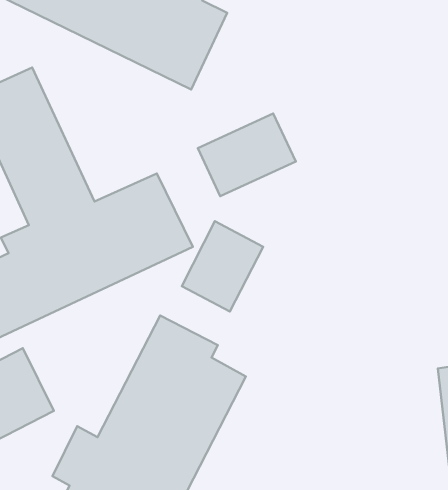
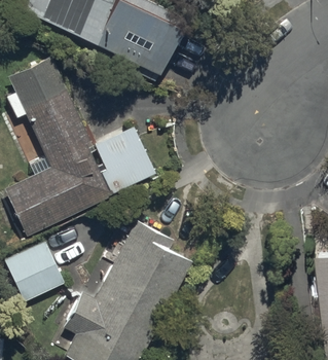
building: [198,114,296,196] -> none
building: [182,221,263,312] -> none

